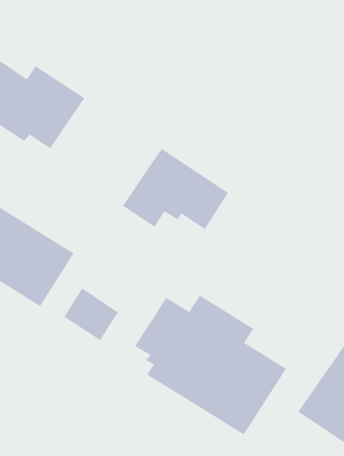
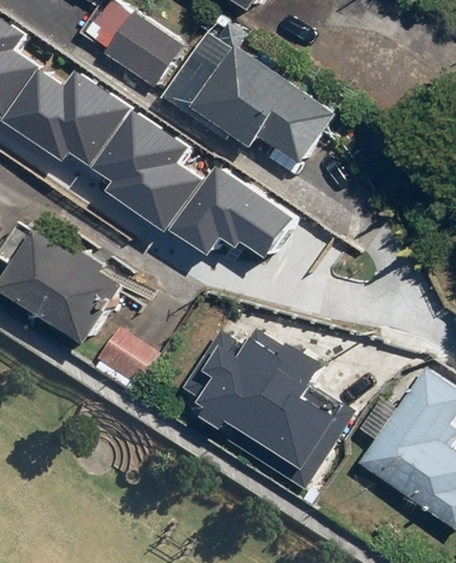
building: none -> [112,8,191,83]
building: none -> [189,42,334,162]
building: none -> [90,111,202,233]

